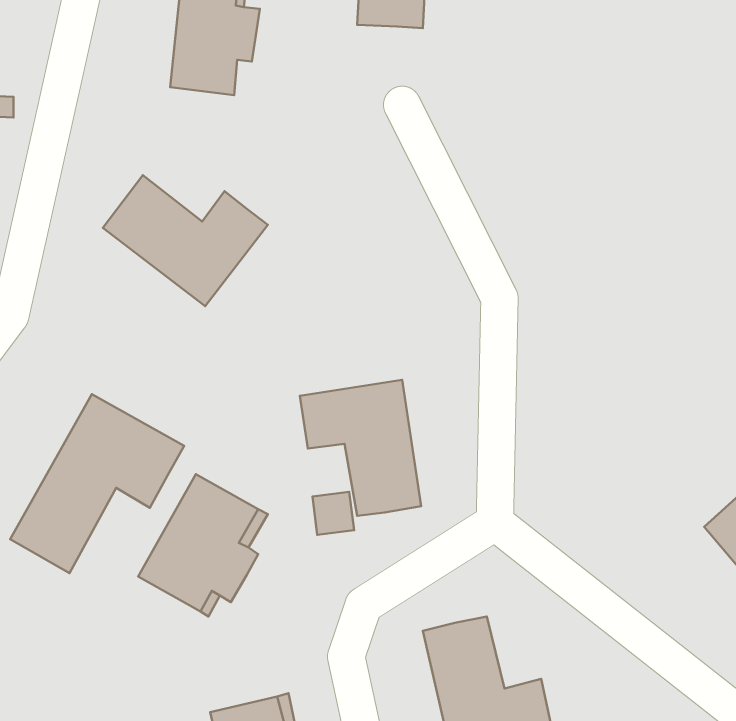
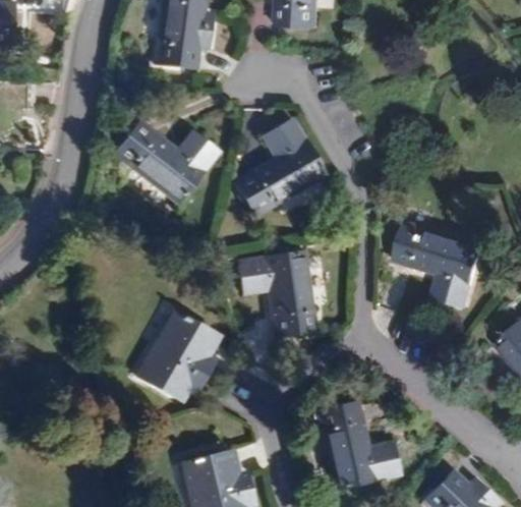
building: none -> [234,119,326,216]
building: none -> [394,220,484,307]
building: [10,394,184,573] -> none

